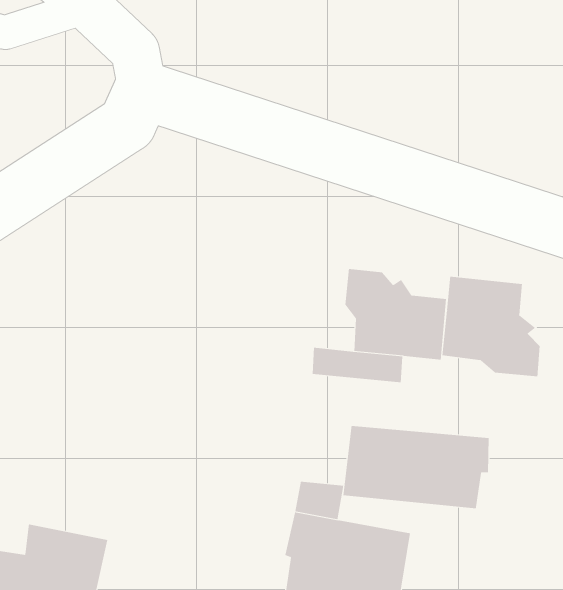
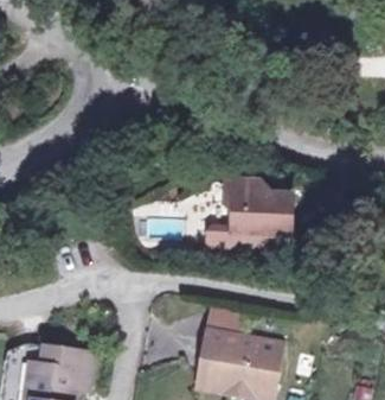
building: [442,276,540,377] -> none
building: [343,425,489,509] -> none

